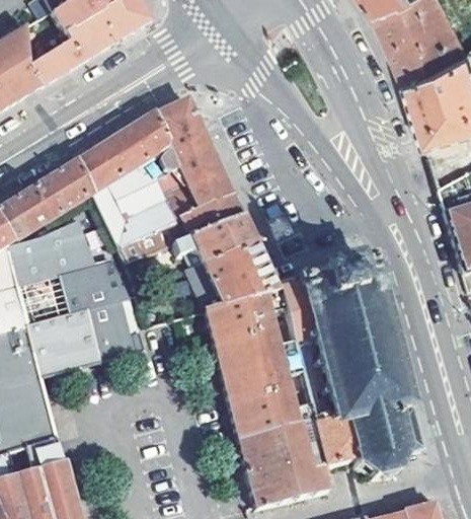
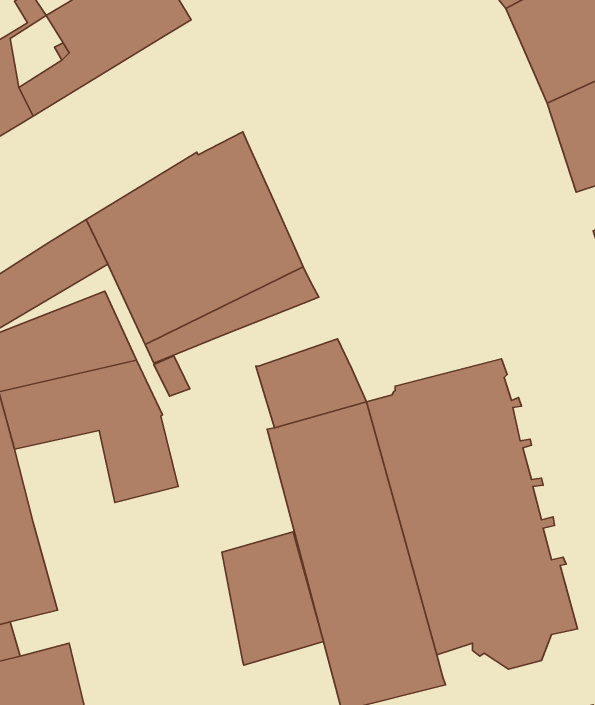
building: [171,215,253,264] -> none
building: [25,309,96,374] -> none
building: none -> [222,532,324,665]

